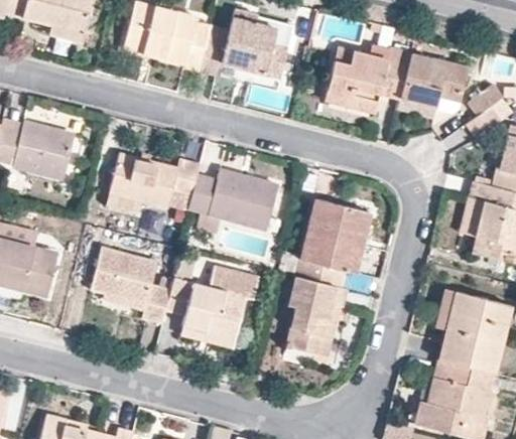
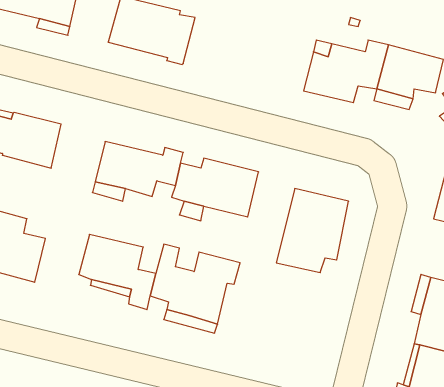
building: [201,16,288,79] -> none
building: [286,277,348,355] -> none

